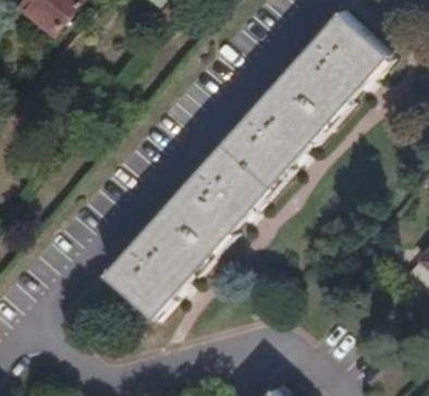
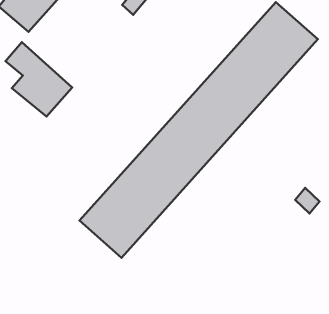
building: none -> [5,42,72,117]

